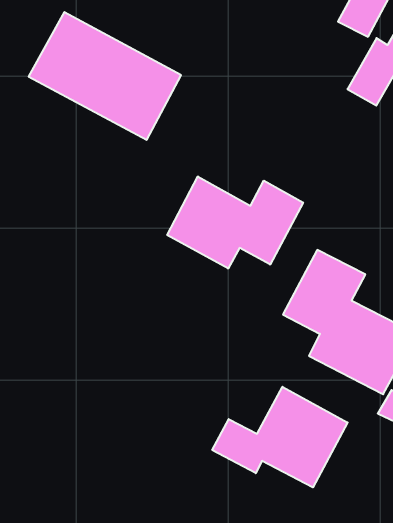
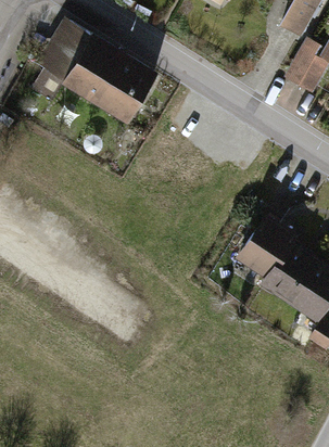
building: [167,176,303,269] -> none
building: [212,387,348,487] -> none

